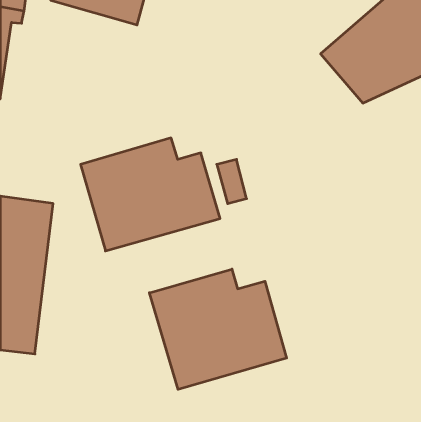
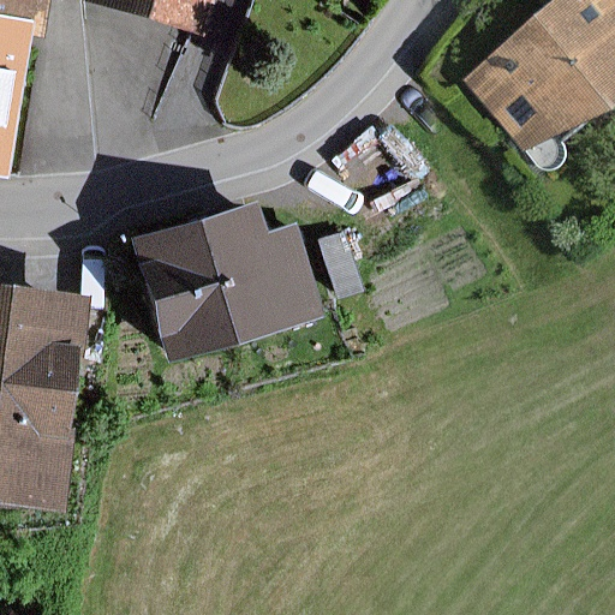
building: [149,269,287,389] -> none

